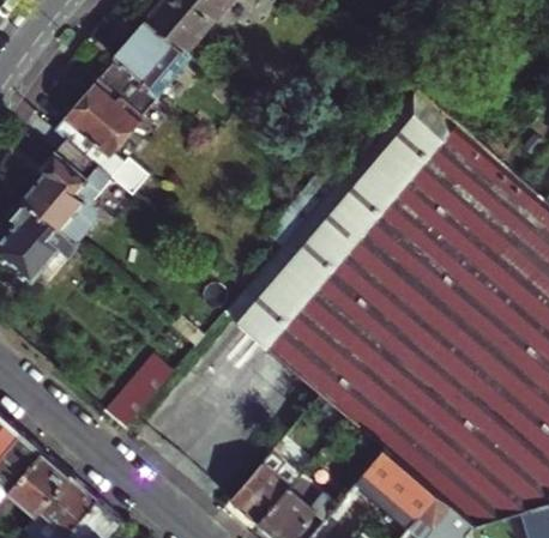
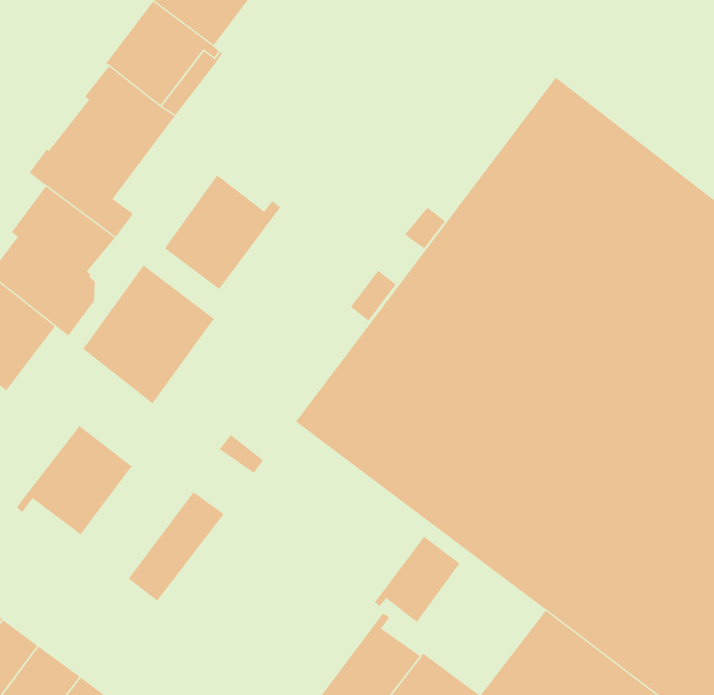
building: none -> [164,174,281,290]
building: none -> [82,265,216,404]
building: none -> [17,425,133,535]
building: none -> [374,536,460,623]

